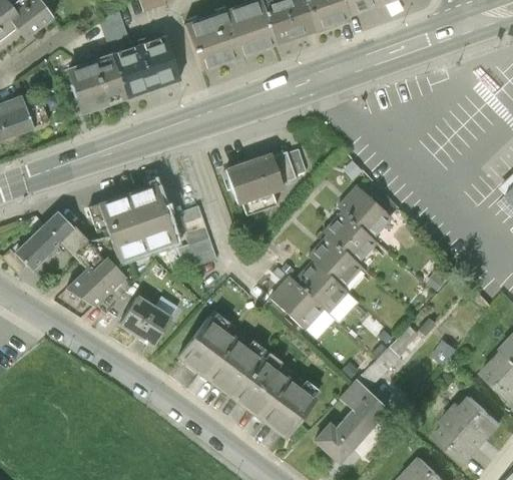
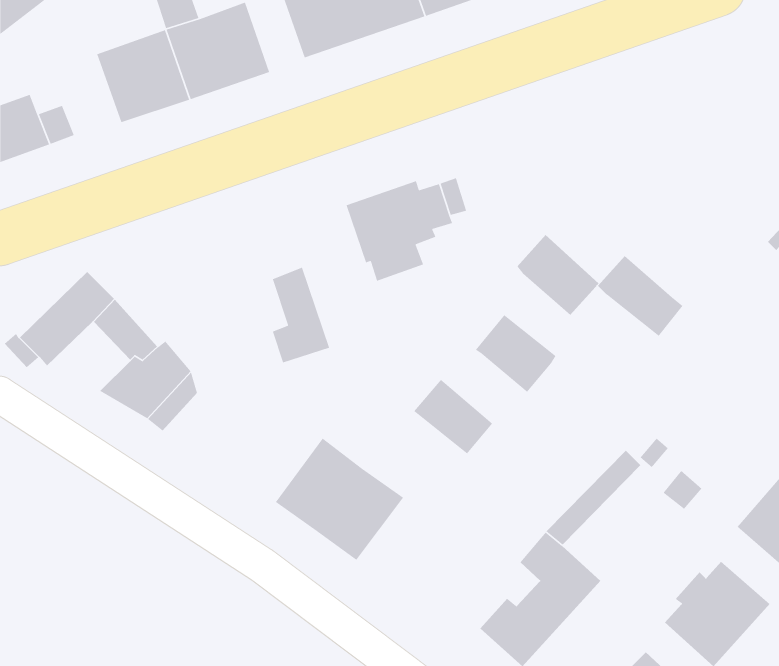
building: [86,182,176,261] -> none
building: [323,211,379,265] -> [597,255,683,337]
building: [295,264,351,316] -> none
building: [119,295,173,348] -> none
building: [232,357,317,437] -> none

